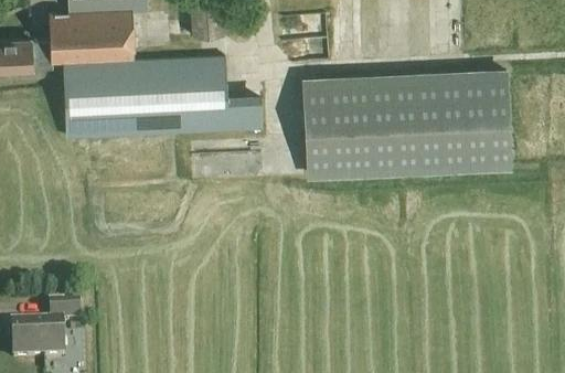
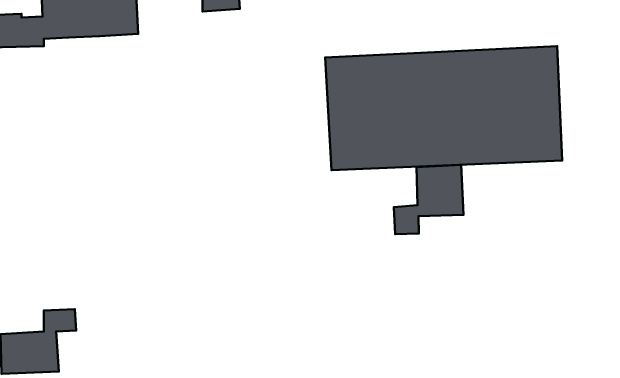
building: [63,60,262,138] -> none
building: none -> [394,165,464,234]

